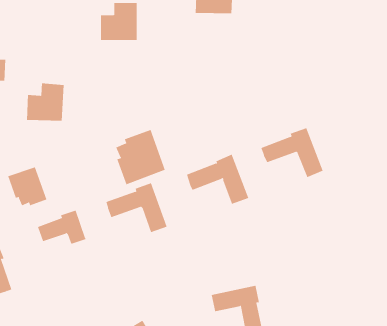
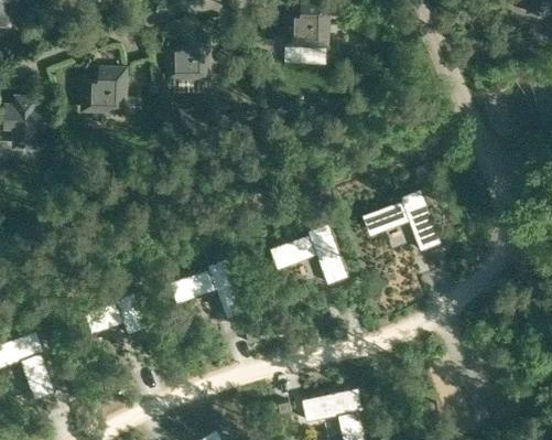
building: [26,83,64,121] -> [80,67,128,115]
building: [116,129,166,185] -> none
building: [8,167,47,206] -> none

